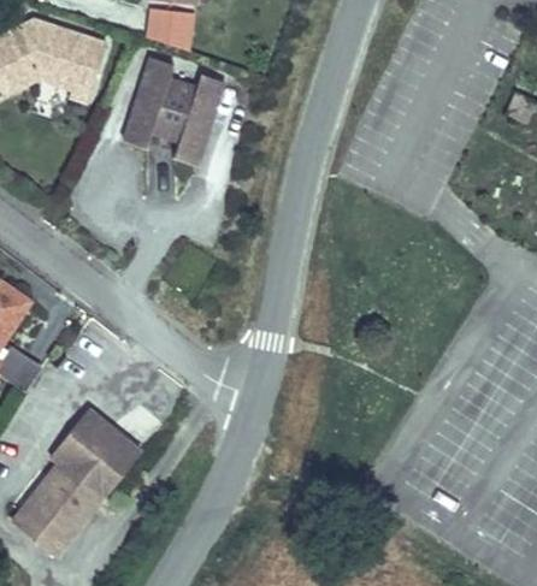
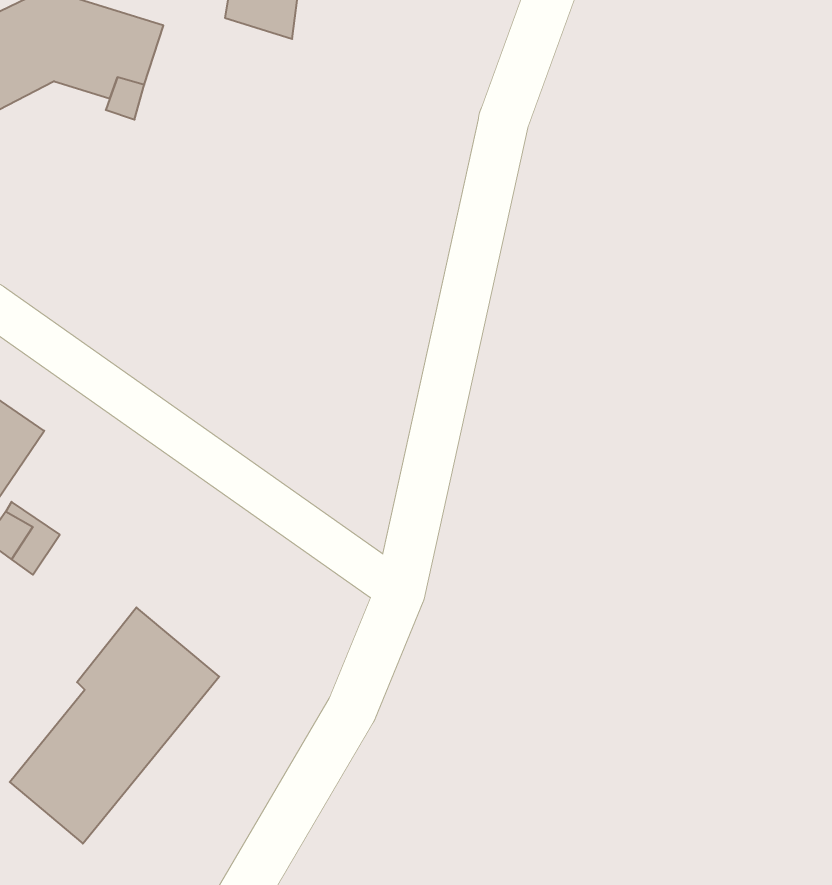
building: [122,57,223,165] -> none

